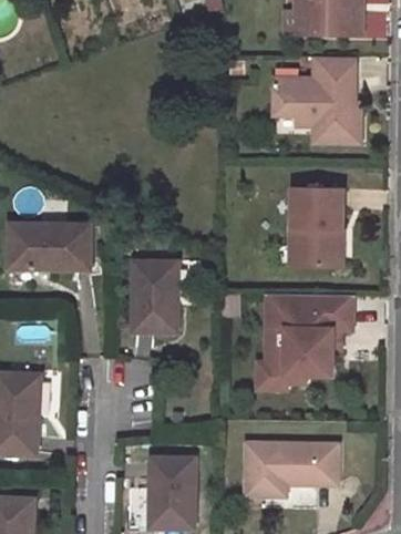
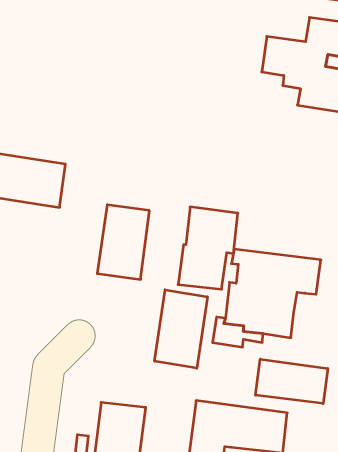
building: [291,187,342,265] -> [178,207,238,289]
building: none -> [155,290,207,368]
building: none -> [256,359,328,404]

